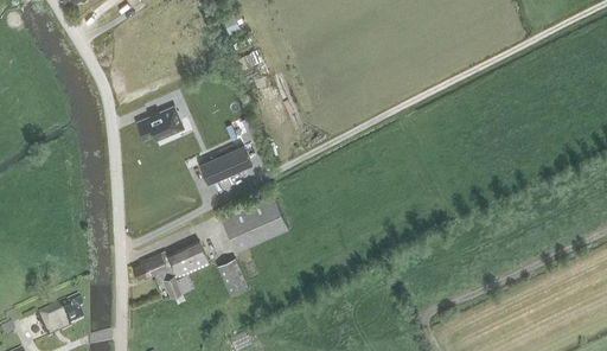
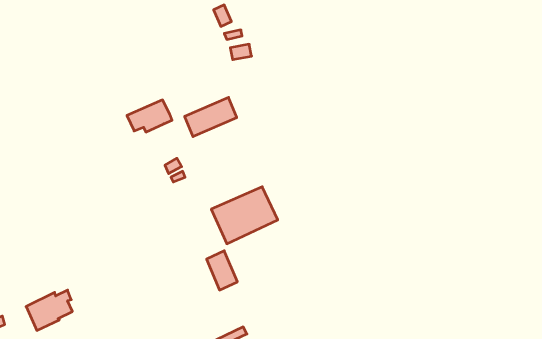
building: [199,143,251,183] -> [185,97,237,137]
building: [133,241,210,296] -> none

